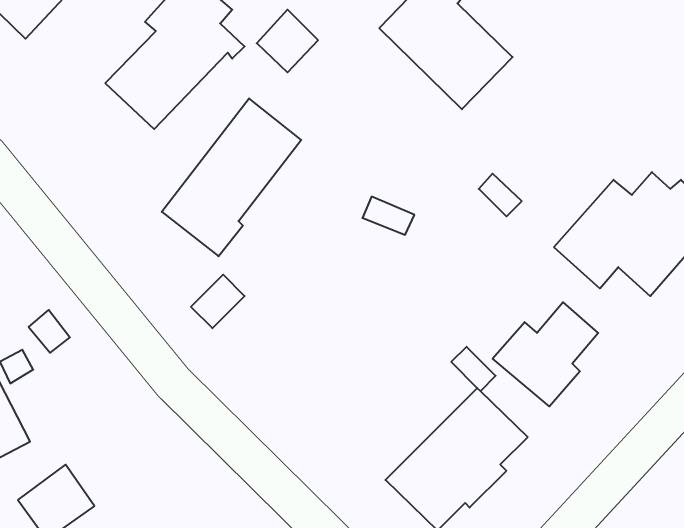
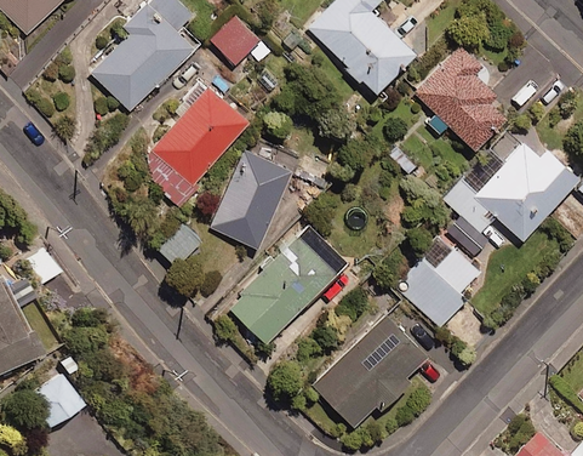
building: none -> [415,44,505,148]
building: none -> [212,141,297,247]
building: none -> [229,222,349,342]

